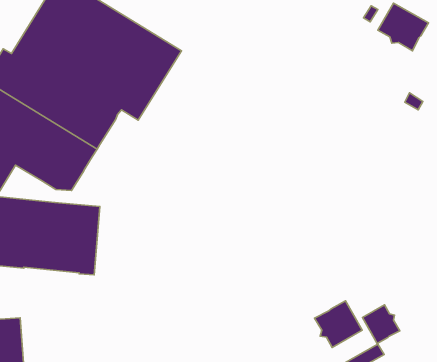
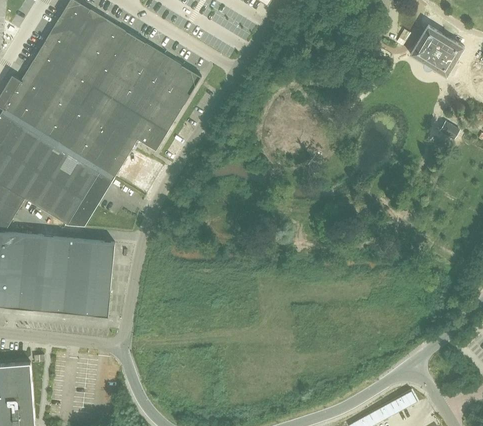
building: [315,301,362,347] -> none
building: [362,305,400,343] -> none

